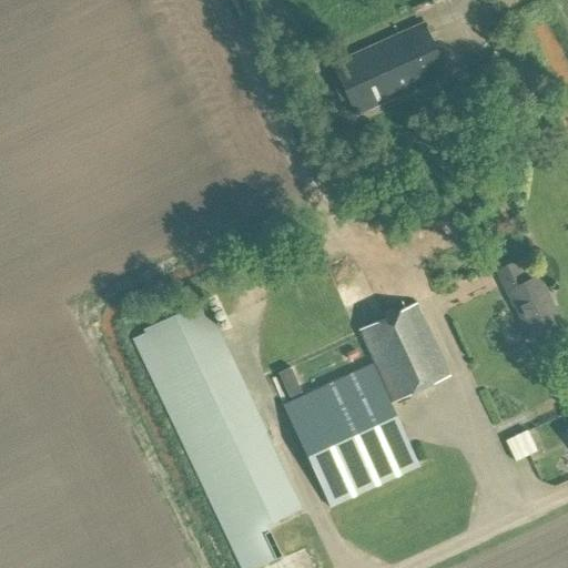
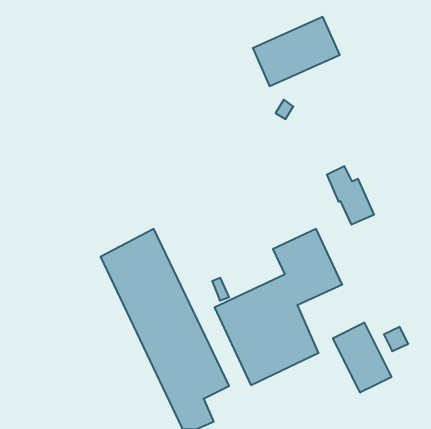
building: [498,257,560,334] -> [327,166,374,225]
building: none -> [333,322,391,393]

